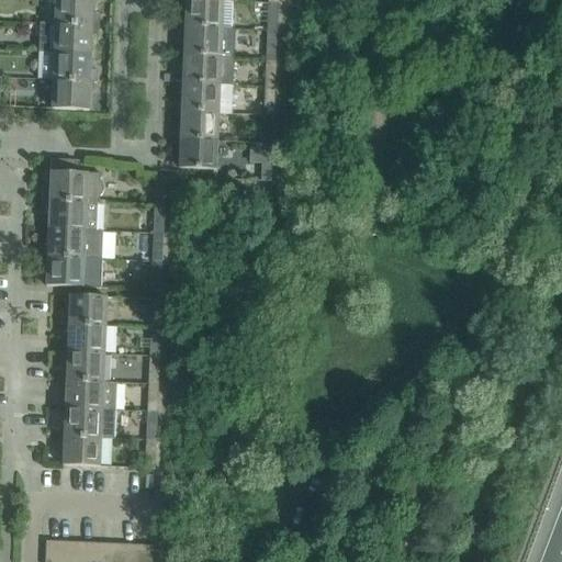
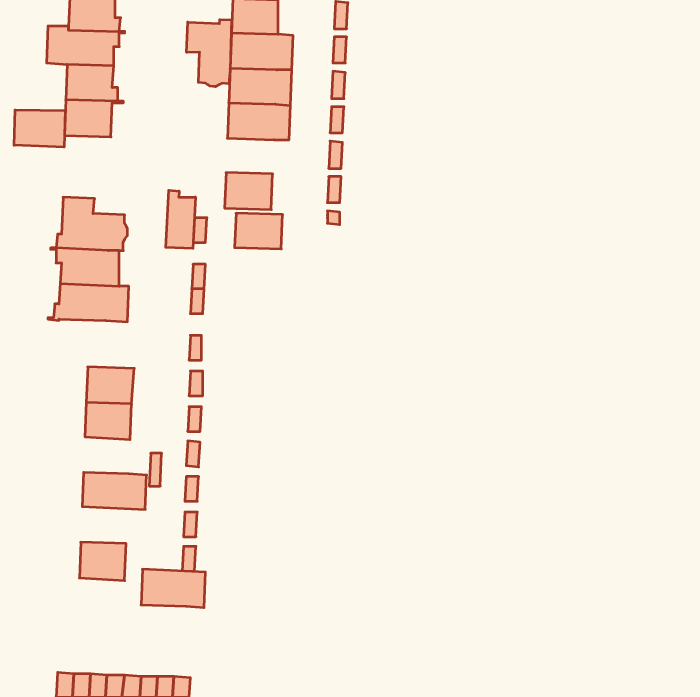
building: none -> [187,19,232,87]
building: none -> [14,110,65,147]
building: [181,111,220,139] -> [235,213,283,249]
building: none -> [166,190,195,248]
building: [46,256,102,286] -> none
building: [67,350,104,380] -> none
building: [65,406,116,437] -> [141,569,205,608]

